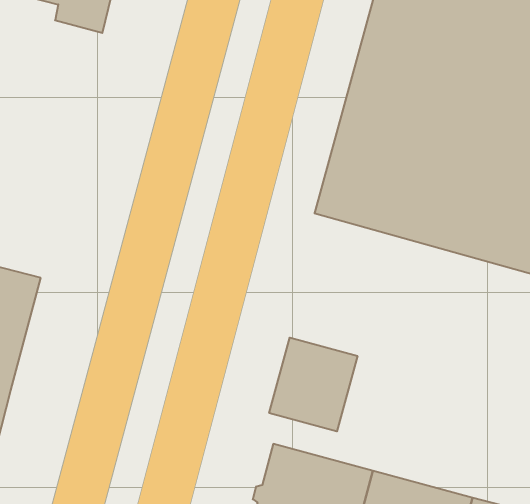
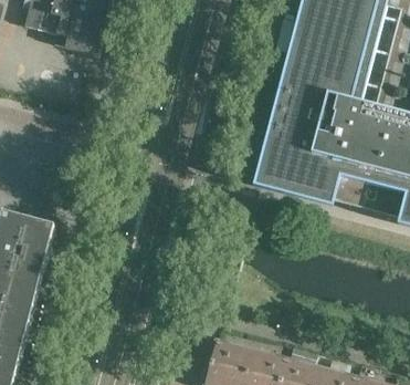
building: [269,338,357,431] -> none

